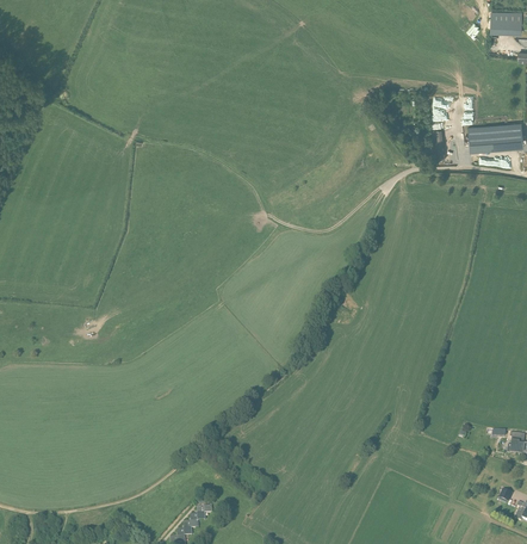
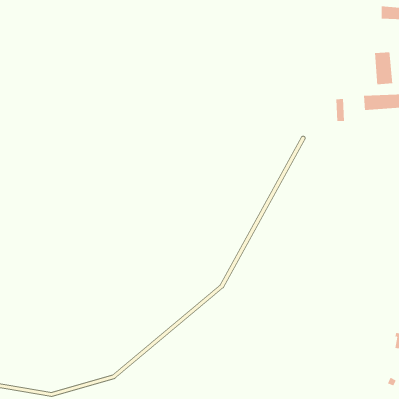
building: none -> [375,52,393,85]

